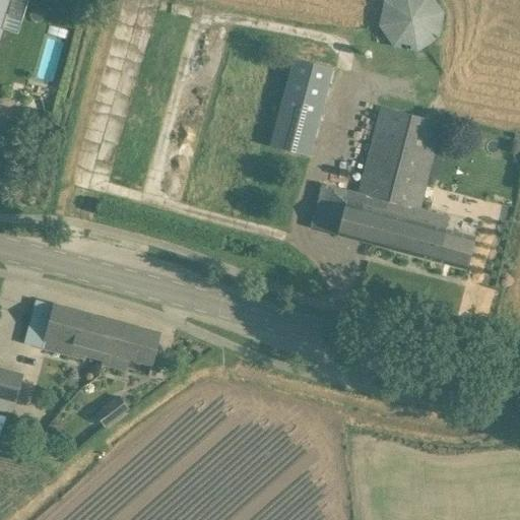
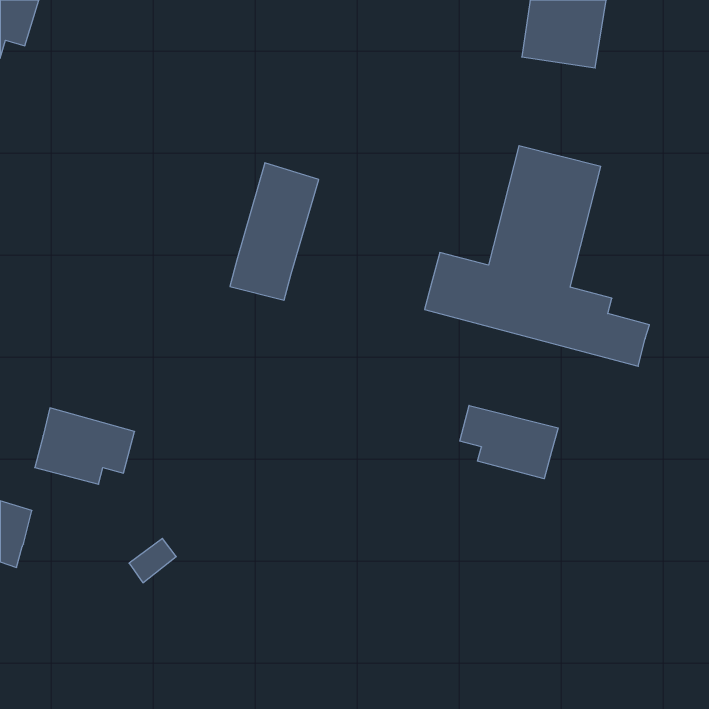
building: [270,55,335,155] -> [230,163,319,300]
building: none -> [460,405,558,479]
building: [90,316,160,370] -> none

